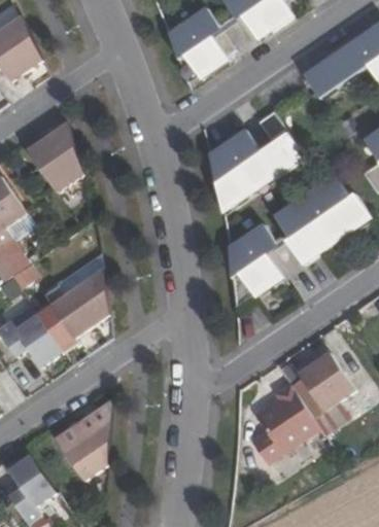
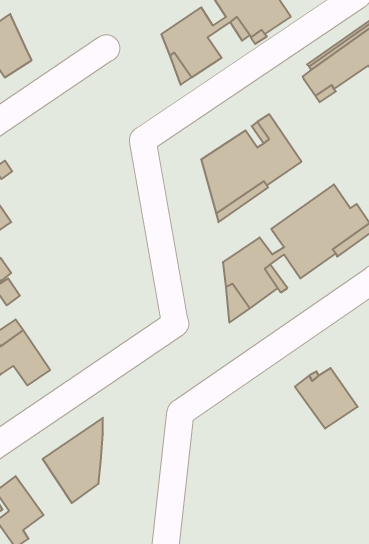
building: [26,118,84,190] -> none
building: [42,267,110,339] -> none
building: [250,384,320,463] -> none

